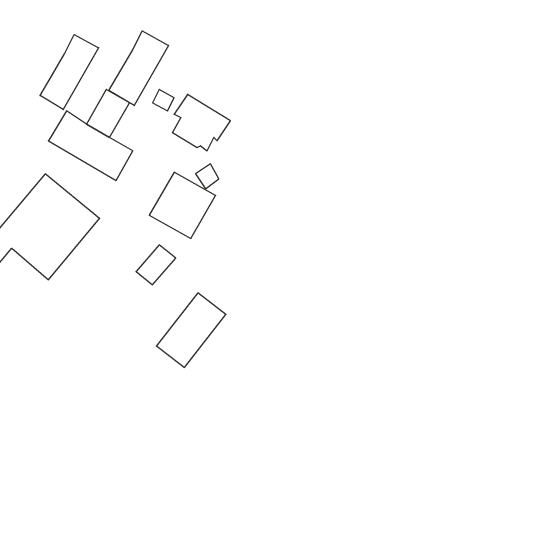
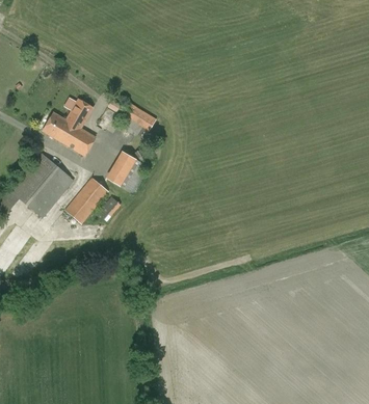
building: [109,31,169,106] -> none
building: [40,35,99,110] -> none
building: [156,293,226,367] -> [64,177,108,223]

